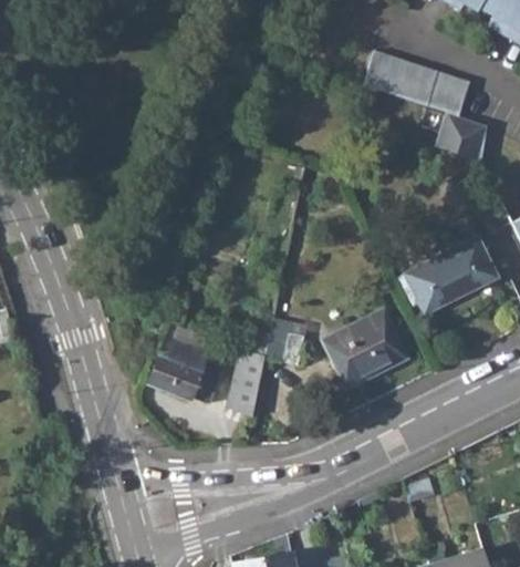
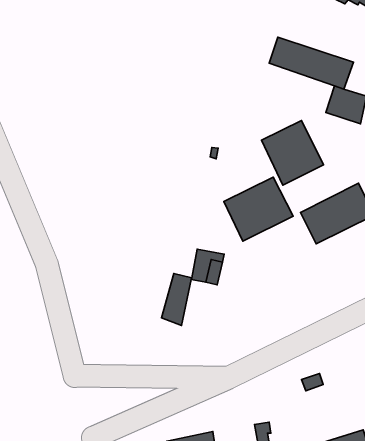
building: none -> [262,121,323,185]
building: [320,308,408,390] -> [224,177,293,241]
building: [147,340,219,404] -> none

